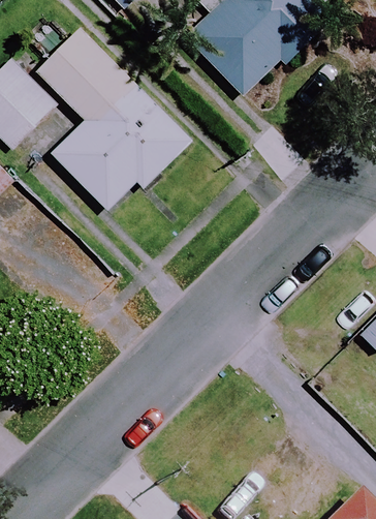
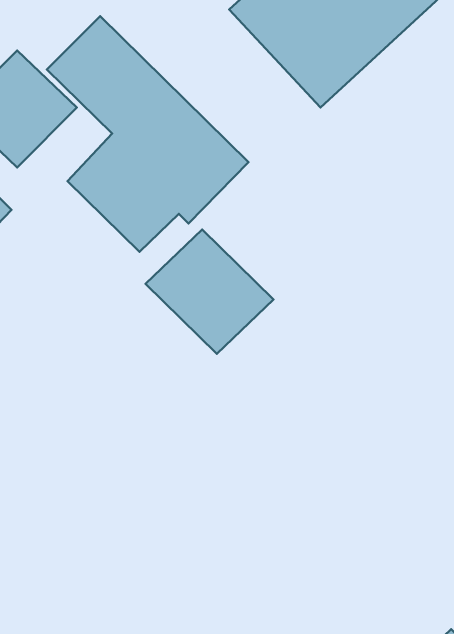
building: none -> [146,229,274,354]

